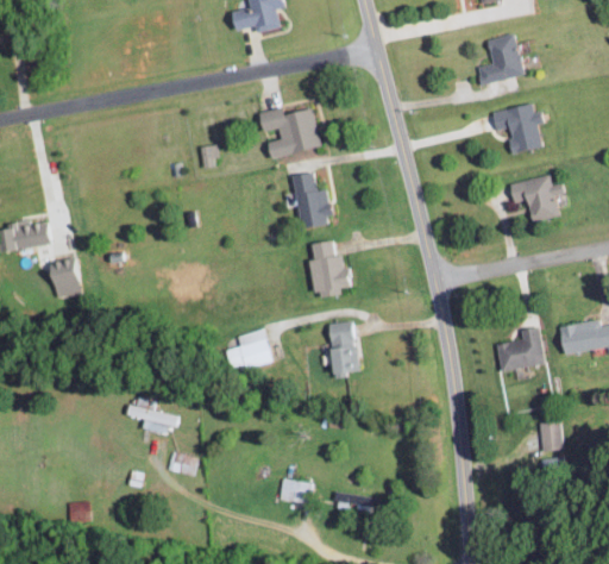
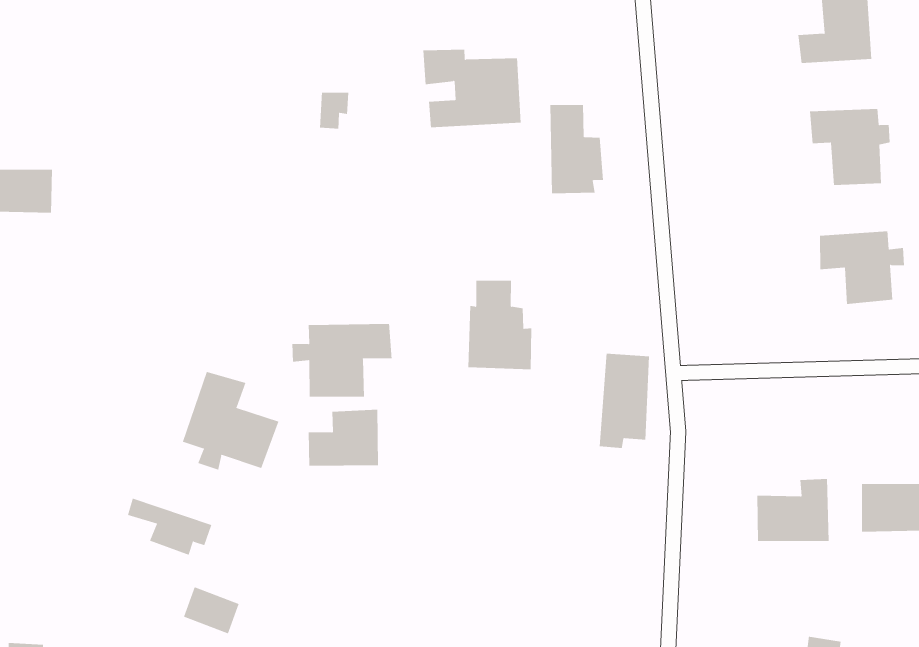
building: [291,173,331,228] -> [550,105,604,194]
building: [50,259,82,297] -> none
building: none -> [292,323,392,397]
building: [327,321,359,380] -> [599,353,650,448]
building: none -> [182,371,279,470]

